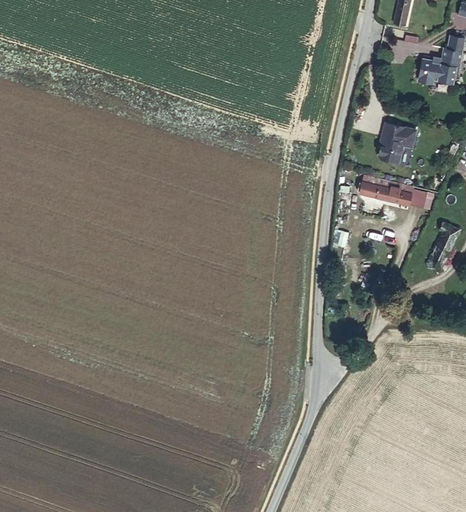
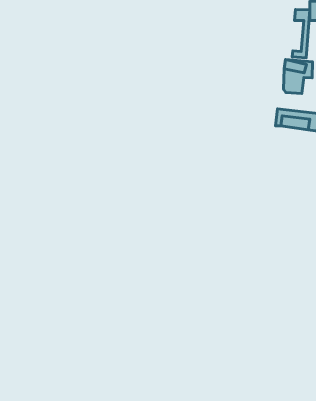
building: none -> [292,10,310,58]

